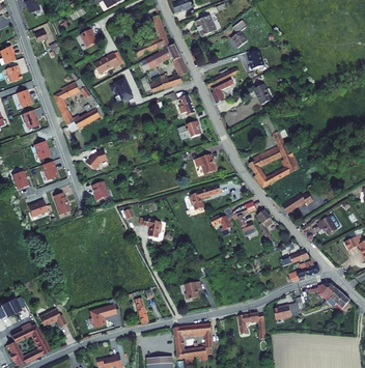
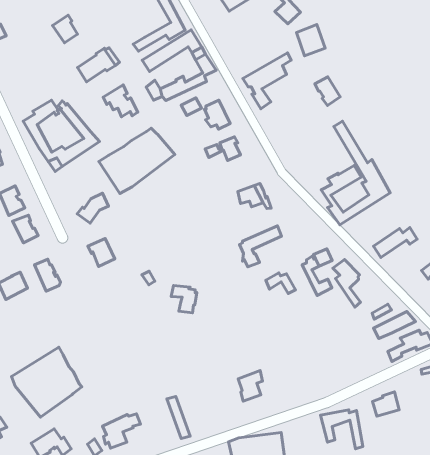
building: none -> [99,128,175,193]
building: none -> [12,347,82,417]

